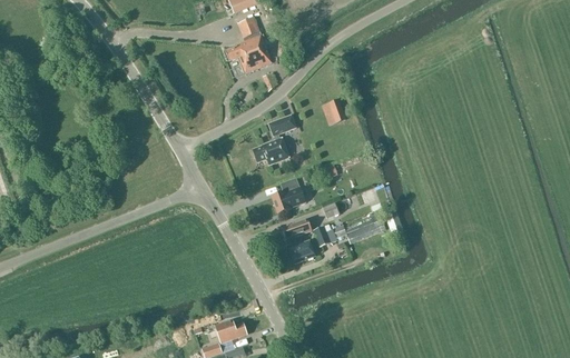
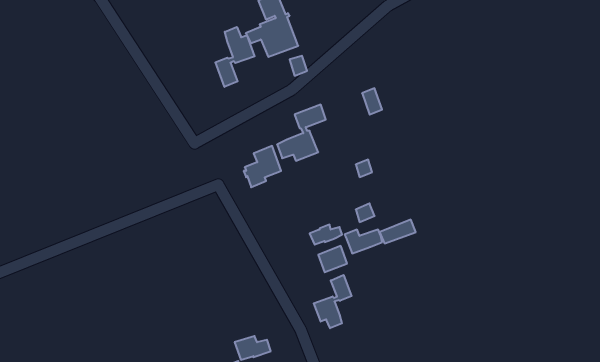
building: none -> [215,27,255,87]
building: [269,177,303,213] -> [244,146,281,187]
building: none -> [314,275,352,328]

